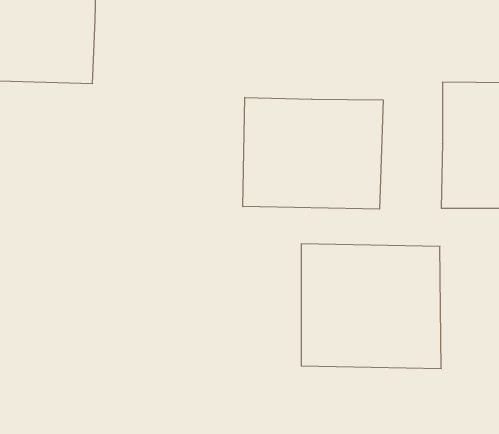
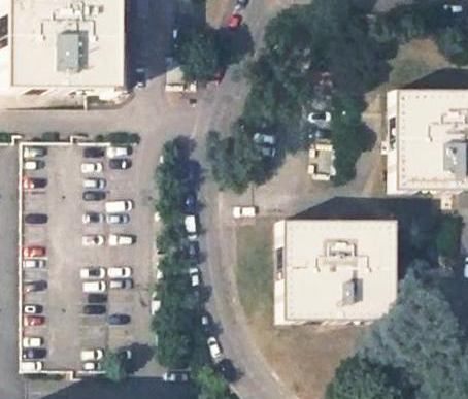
building: [243,97,383,209] -> none

